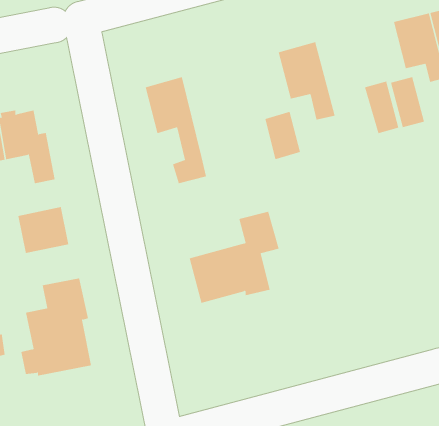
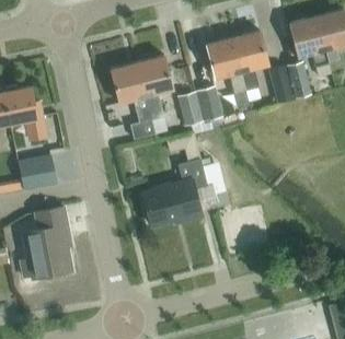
building: none -> [233,31,268,91]
building: none -> [137,56,172,120]
building: none -> [177,93,203,128]

